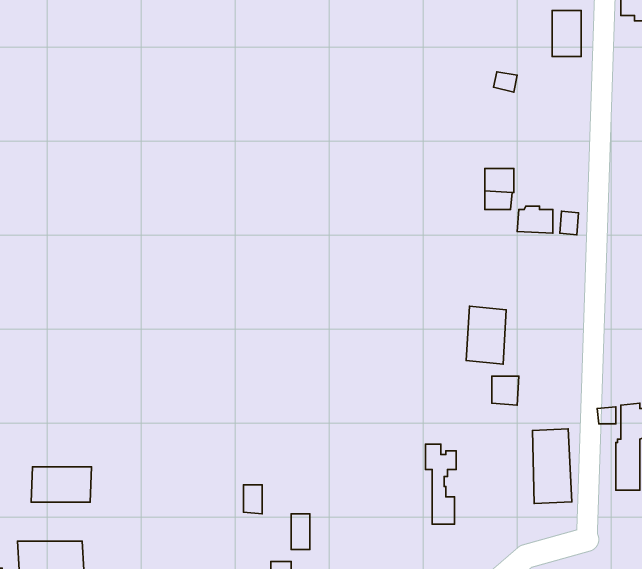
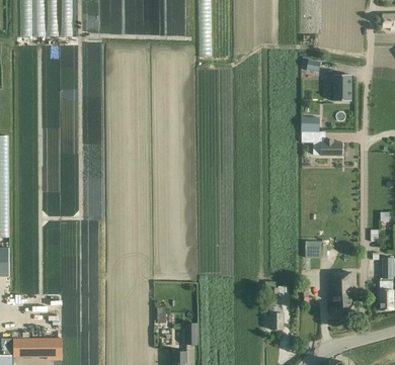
building: [552,11,581,56] -> [332,74,349,101]
building: [466,306,506,364] -> none
building: [31,467,92,502] -> none

